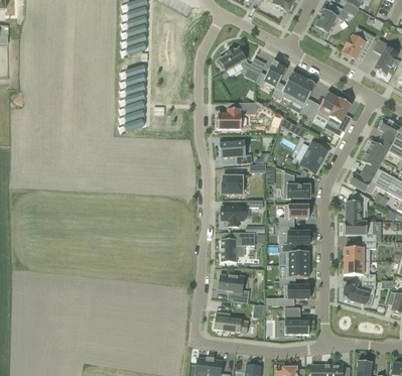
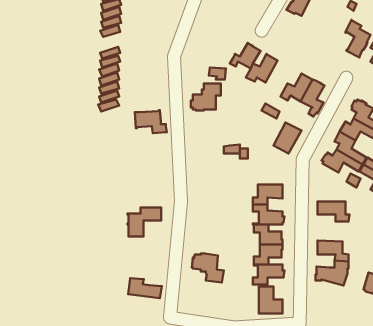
building: [344,30,375,58] -> none
building: [220,47,261,77] -> none
building: [292,79,316,115] -> none
building: [220,140,252,163] -> [135,110,167,133]
building: [284,172,310,198] -> none
building: [222,175,243,194] -> none
building: [346,190,370,221] -> none
building: [222,206,245,226] -> none
building: [221,232,255,261] -> [127,208,161,237]
building: [345,241,376,261] -> none
building: [215,311,249,332] -> [128,278,162,298]

